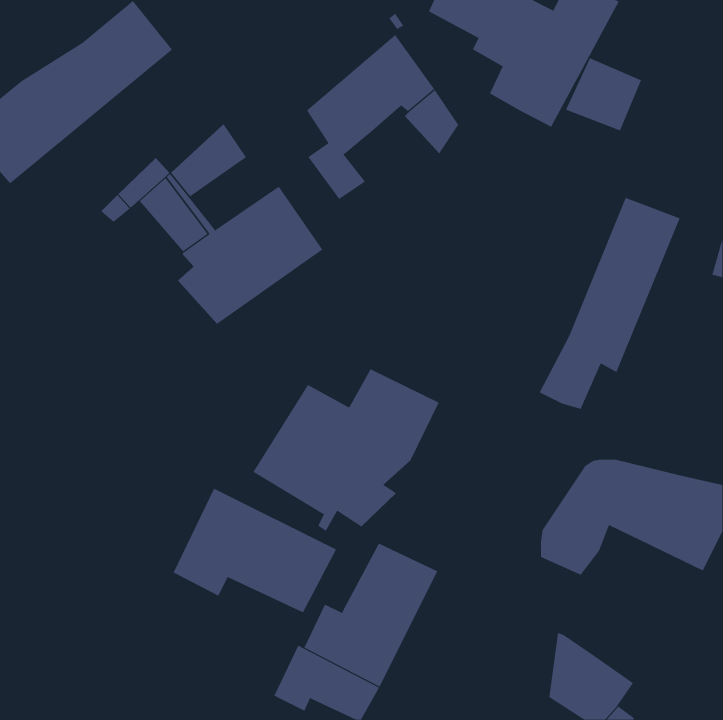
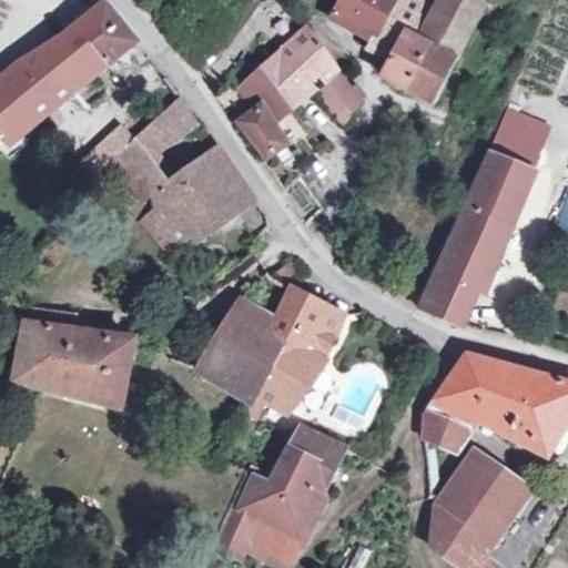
building: [565,57,642,131] -> [489,113,549,171]
building: none -> [13,306,133,407]
building: [173,488,337,613] -> none
building: none -> [442,453,528,535]

